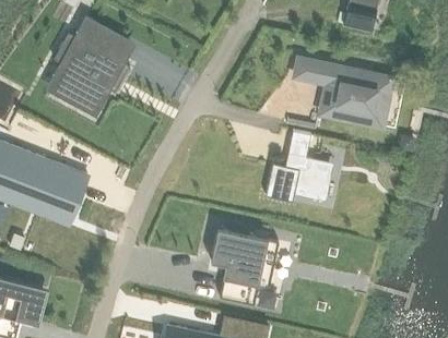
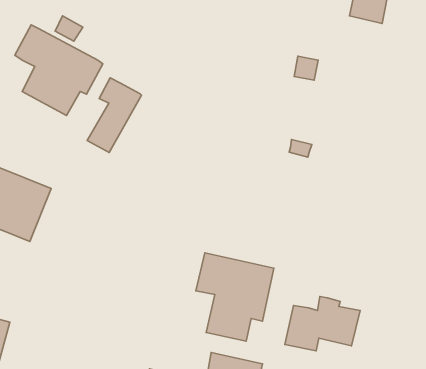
building: [320,65,391,119] -> none
building: none -> [87,78,142,153]
building: [264,155,330,202] -> [285,297,360,351]

